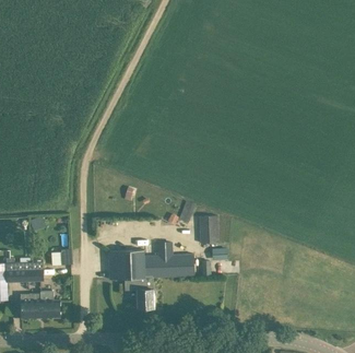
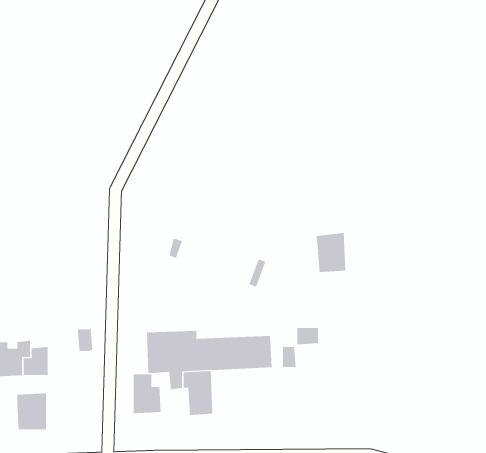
building: [198,215,218,243] -> [316,233,346,273]
building: [40,291,60,318] -> [133,374,162,414]

